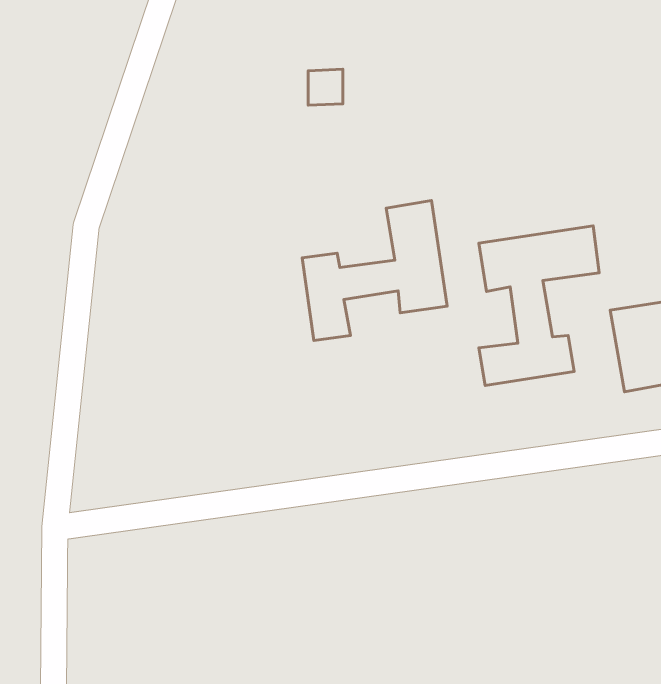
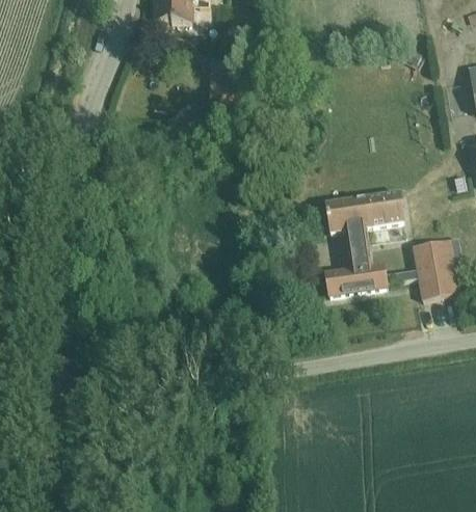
building: [302,201,447,340] -> none

